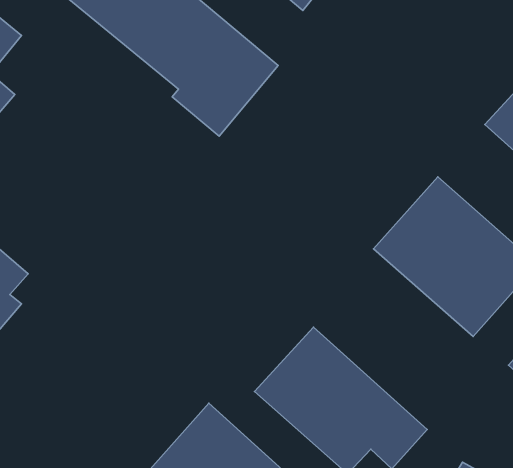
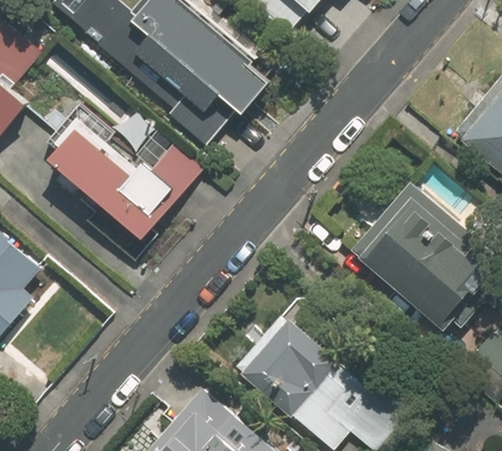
building: none -> [45,126,202,242]

